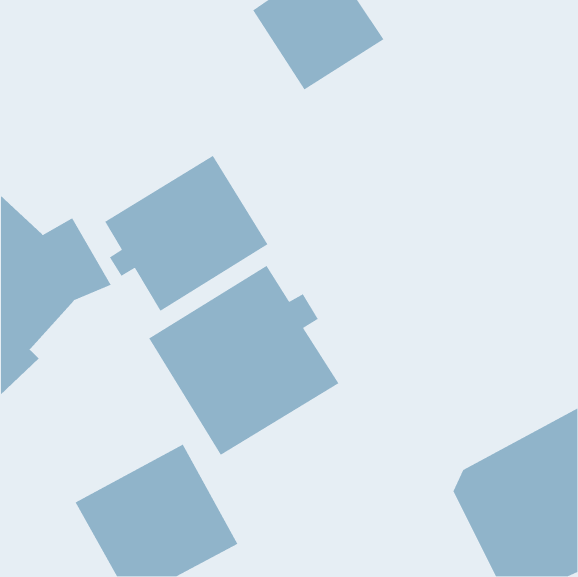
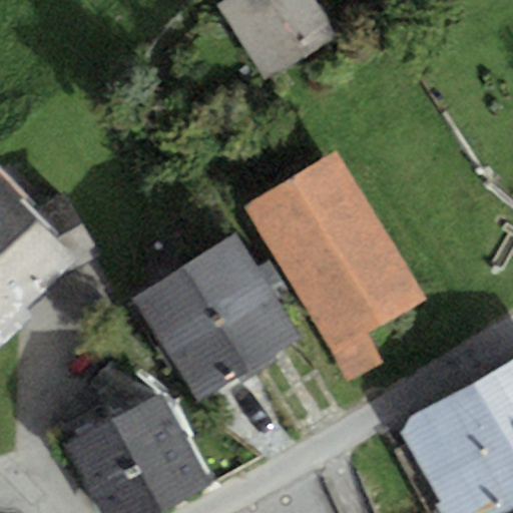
building: [104,155,269,312] -> none
building: none -> [244,148,423,380]

